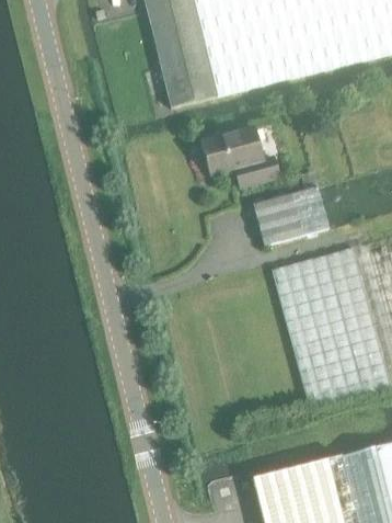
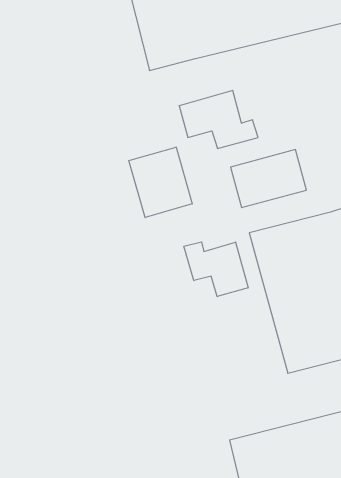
building: none -> [129,147,192,218]
building: none -> [184,242,248,297]

